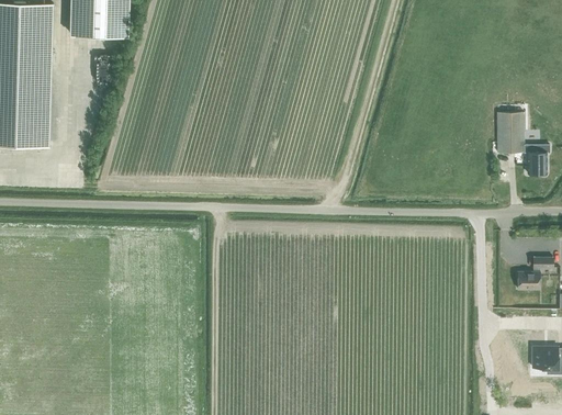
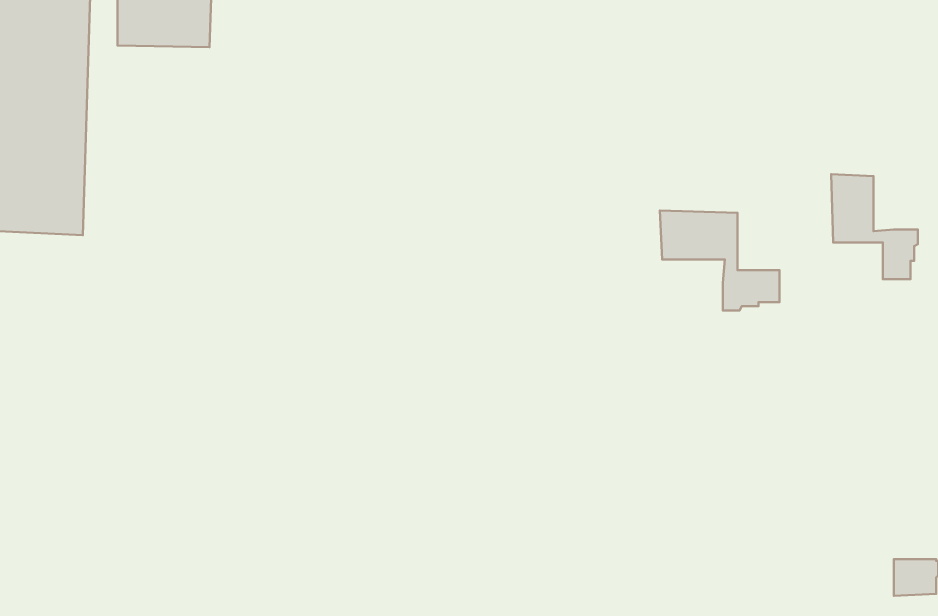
building: none -> [660,211,779,311]
building: [516,257,552,289] -> none

